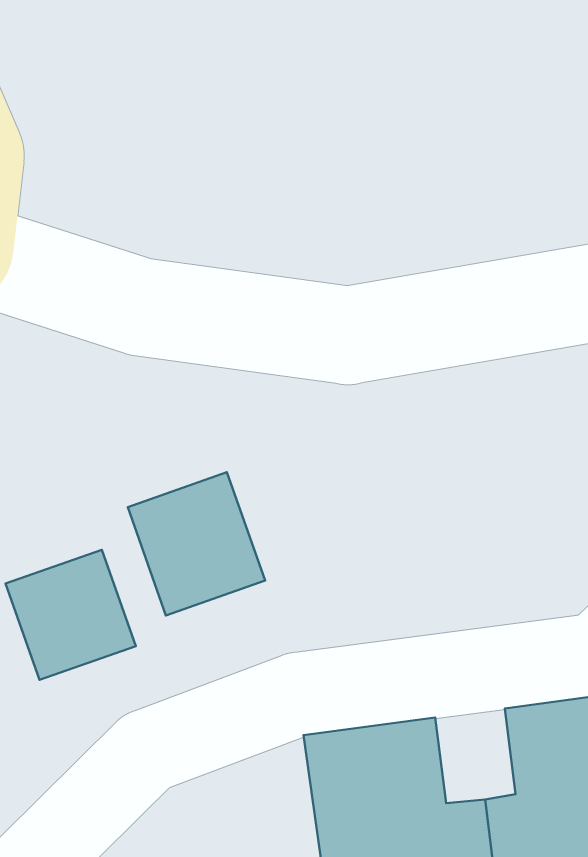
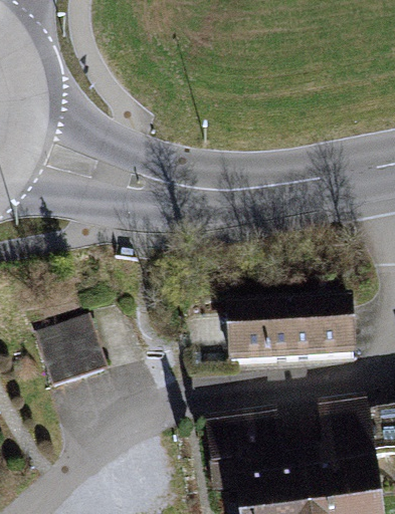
building: [128,472,265,616] -> none
building: none -> [227,302,356,363]

